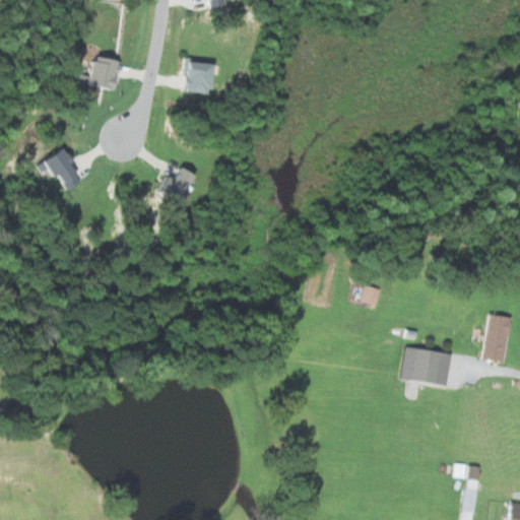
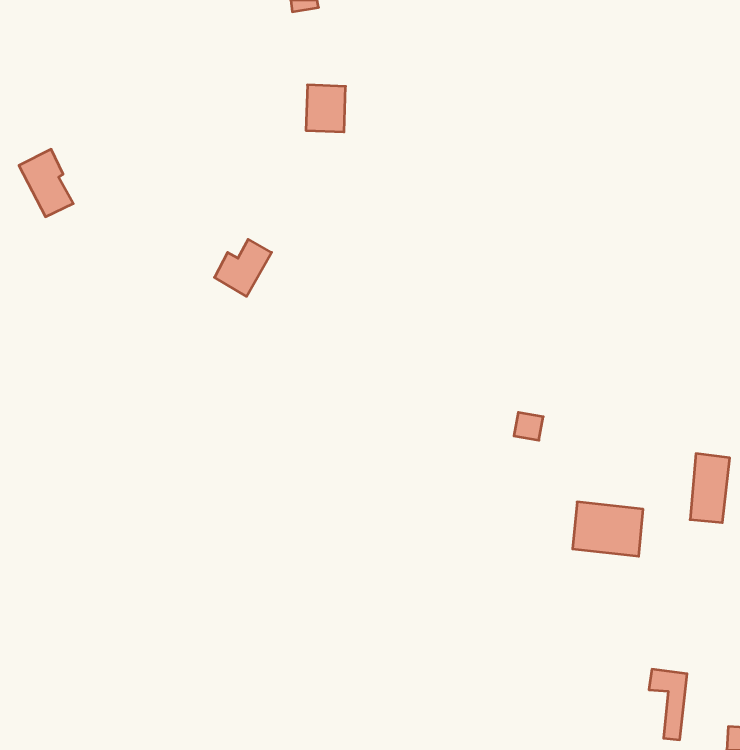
building: [85,55,120,90] -> none
building: [183,60,210,92] -> [306,85,346,132]
building: [44,144,81,191] -> [19,149,73,217]

